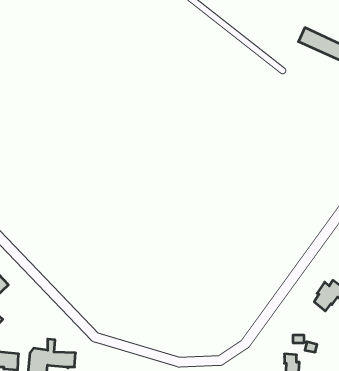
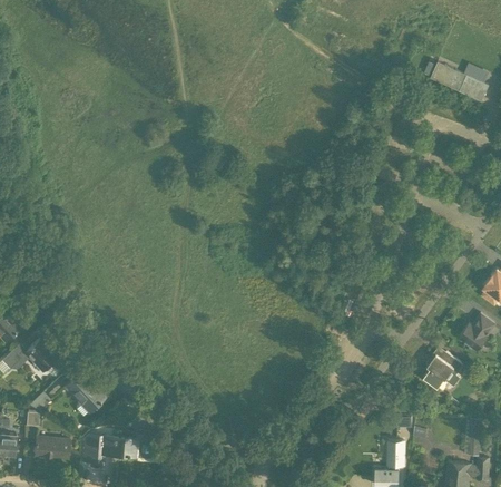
building: none -> [65,370,105,411]

